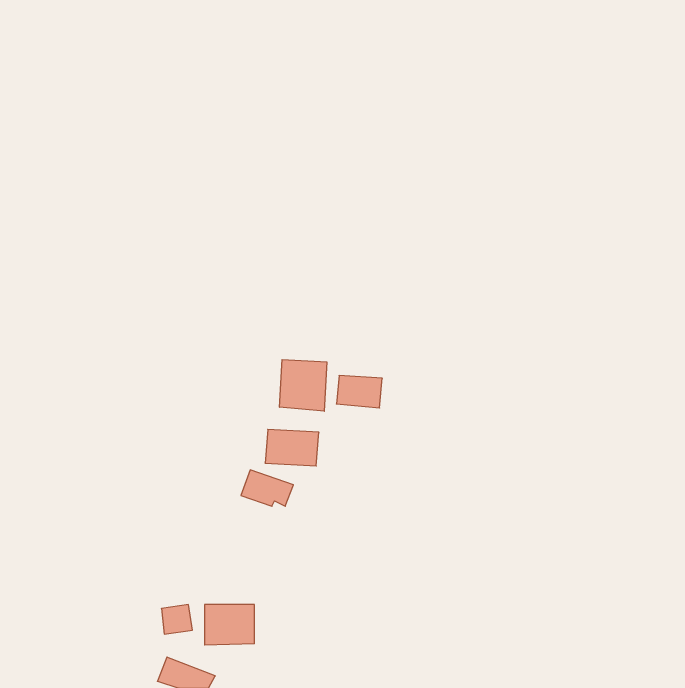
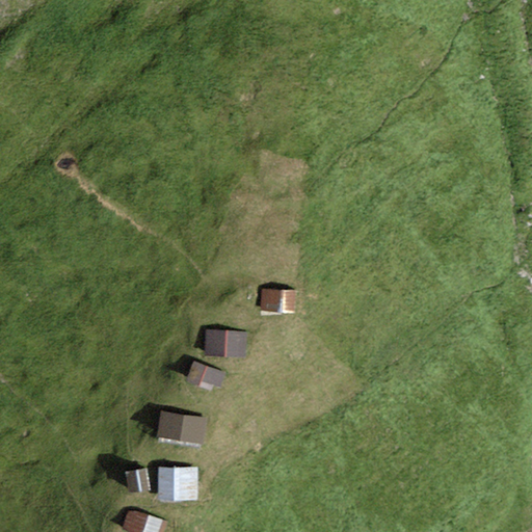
building: [280,360,327,411] -> none
building: none -> [157,410,206,442]

